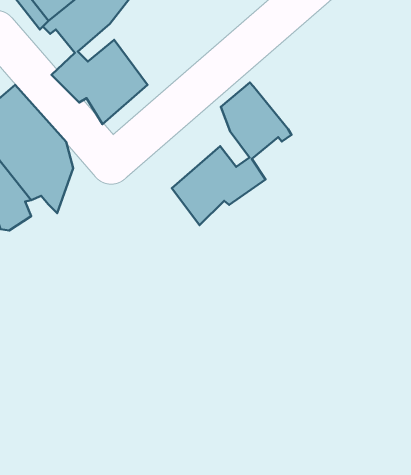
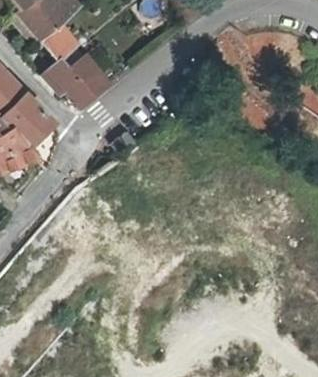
building: [172,83,291,225] -> none

